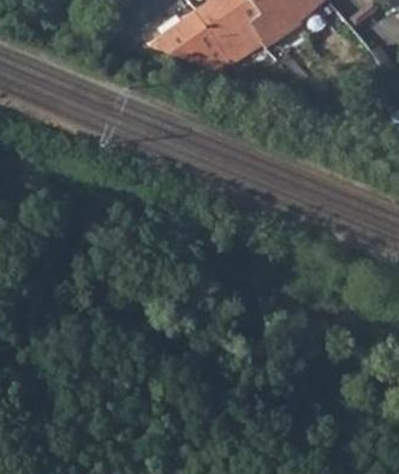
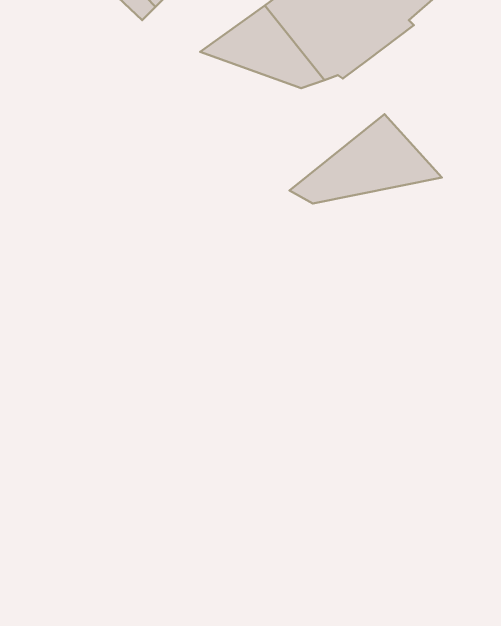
building: none -> [289,114,442,203]

